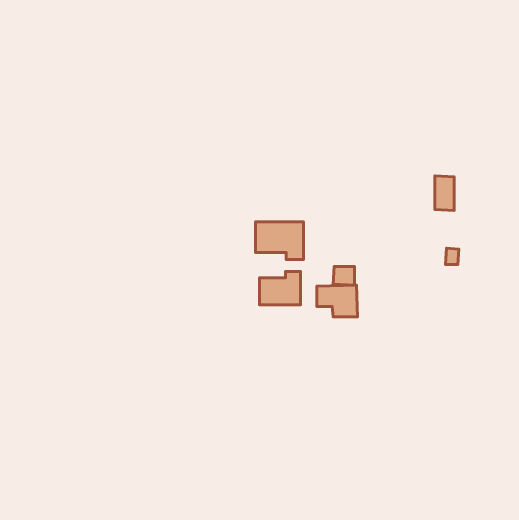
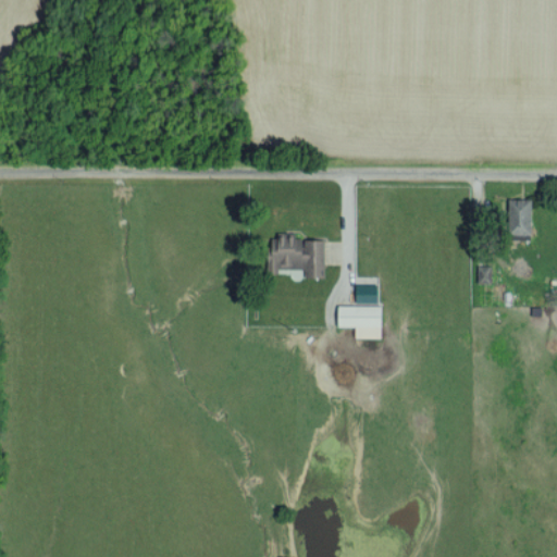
building: [435,176,454,210] -> [509,199,530,236]
building: [259,272,300,305] -> none

